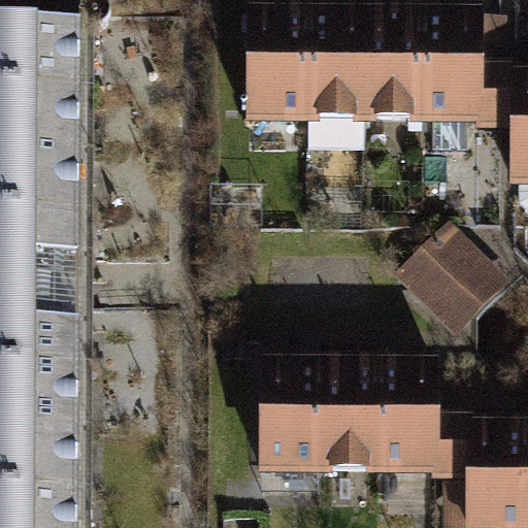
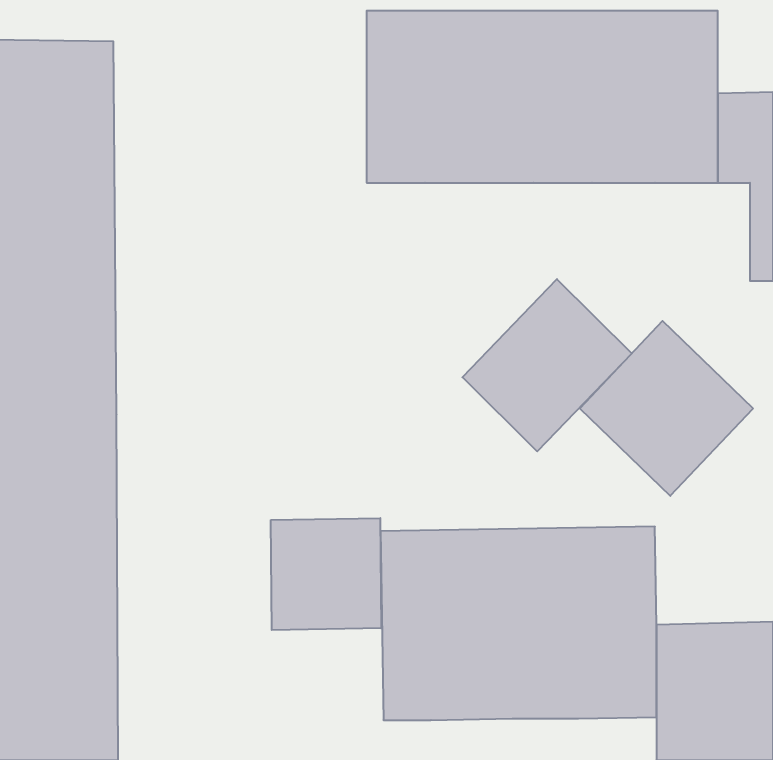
building: none -> [462,279,632,451]
building: none -> [271,518,381,630]

